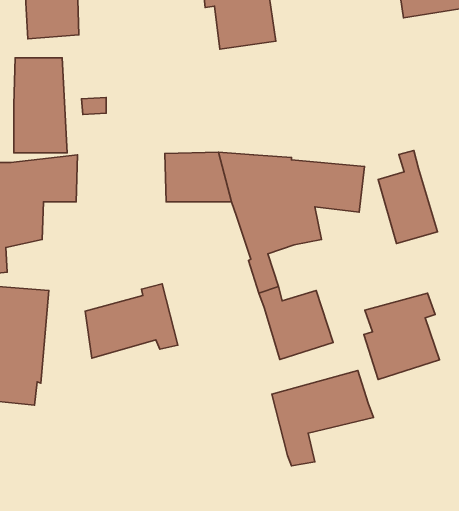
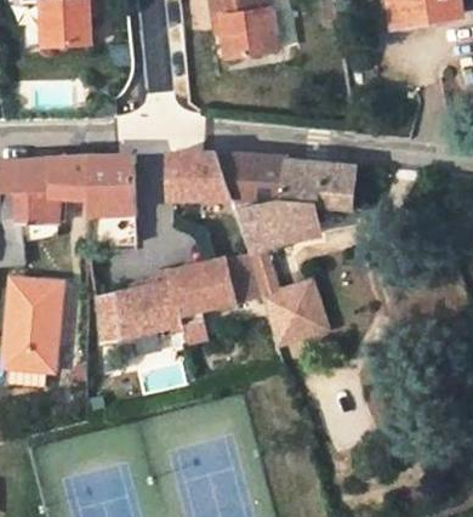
building: [14,58,67,153] -> [87,154,137,243]
building: [378,151,438,244] -> none
building: [364,293,439,379] -> none
building: [272,371,374,466] -> [167,252,262,341]

